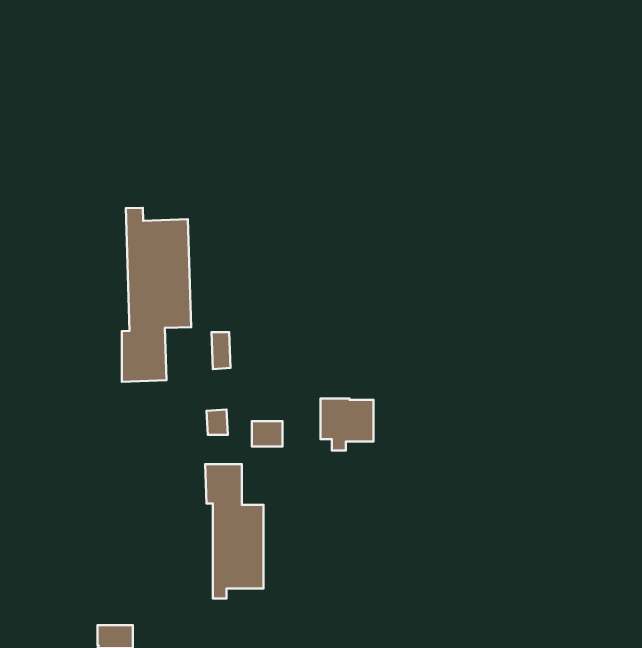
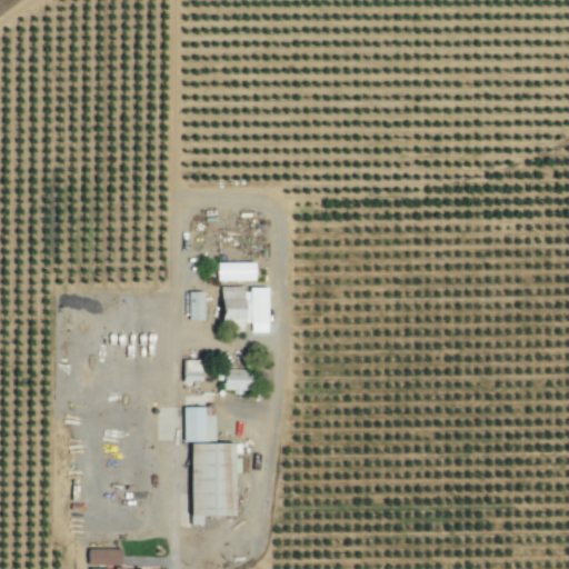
building: [122,208,191,382] -> none
building: none -> [219,262,257,280]
building: [320,398,374,450] -> [223,286,270,331]

